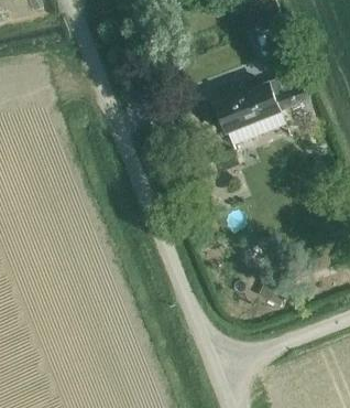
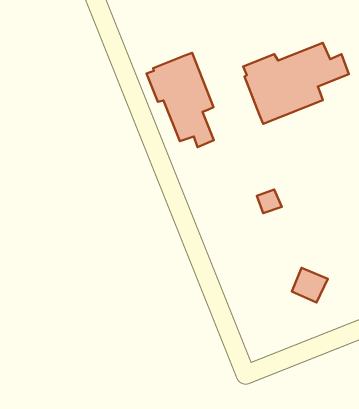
building: none -> [147,53,214,147]

